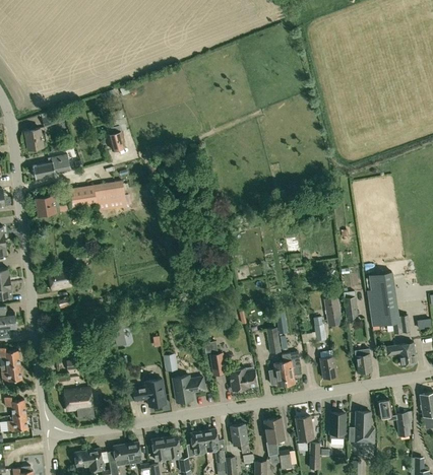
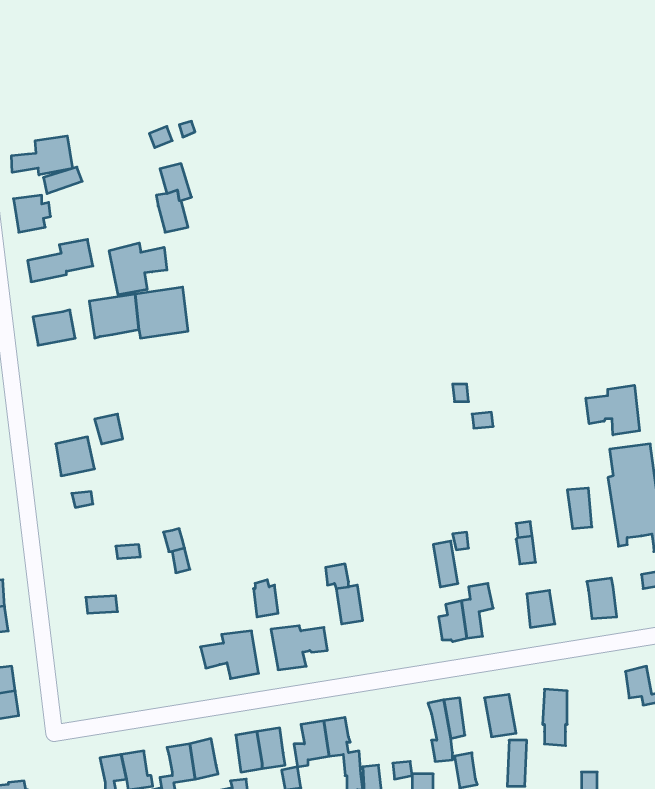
building: none -> [12,136,72,175]
building: none -> [109,243,167,295]
building: none -> [586,385,640,435]
building: [324,297,343,327] -> none
building: [230,367,256,390] -> none
building: [64,388,94,419] -> none
building: [356,412,374,444] -> none
building: [230,424,249,453] -> none

